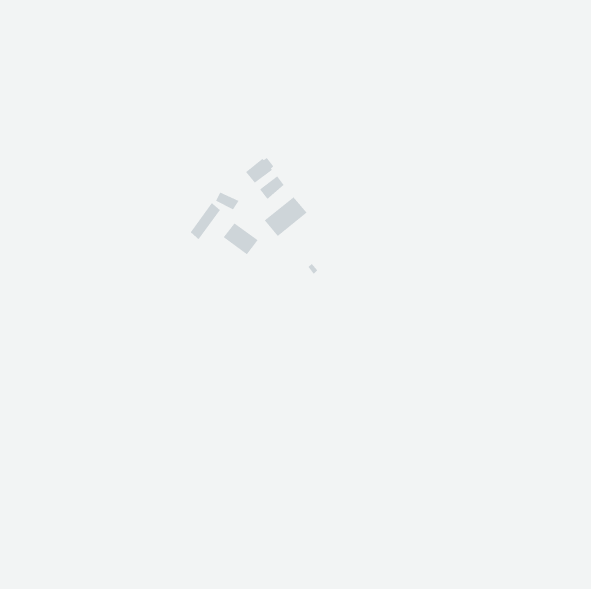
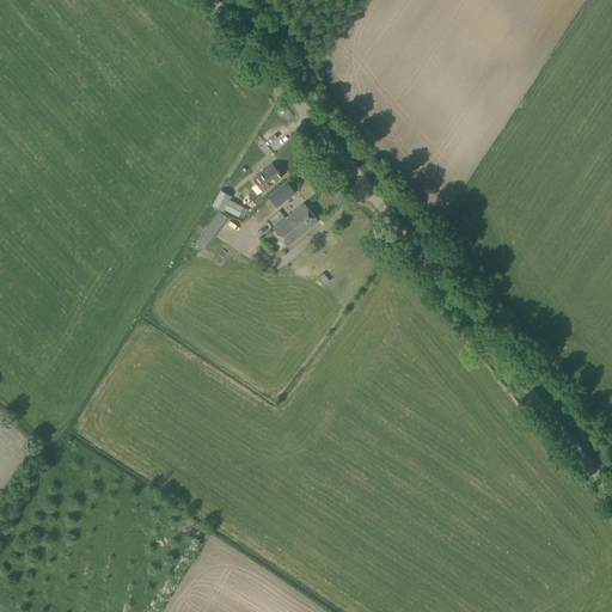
building: [223,222,259,255] -> none

